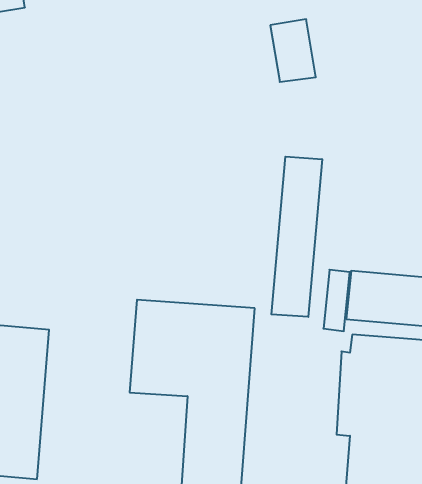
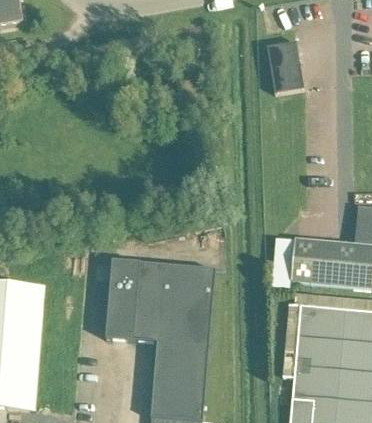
building: [270,19,316,82] -> [267,38,305,90]
building: [271,157,322,317] -> none

